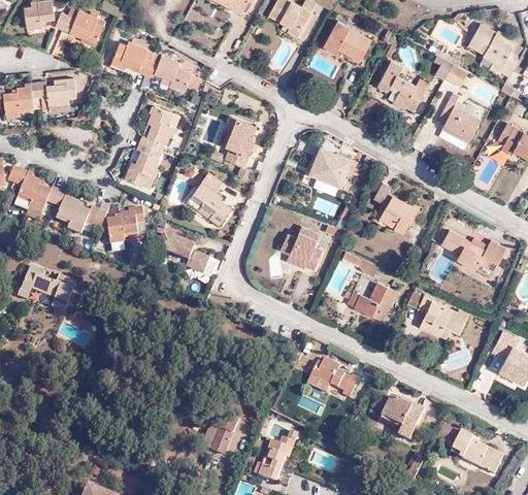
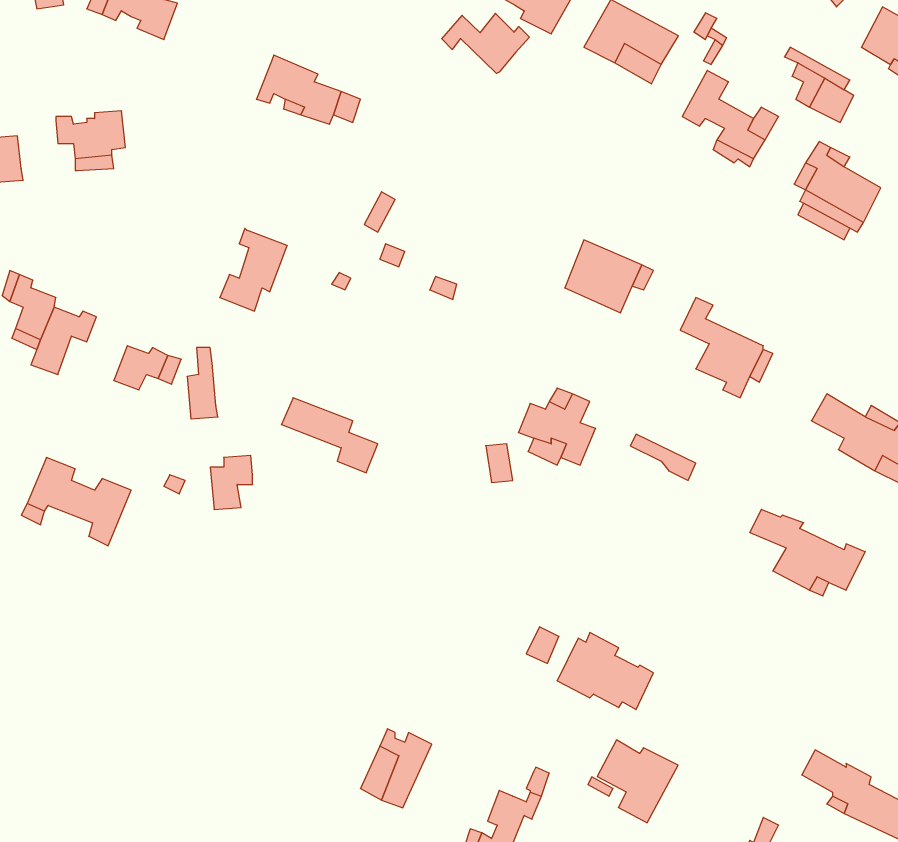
building: none -> [442,13,529,73]
building: [110,38,151,73] -> none
building: [16,85,39,110] -> none
building: [139,105,171,152] -> none
building: [225,113,257,167] -> none
building: [187,173,230,224] -> none
building: [54,190,77,224] -> none
building: [121,208,143,237] -> [210,455,253,509]
building: [346,283,398,320] -> none
building: [382,398,425,442] -> [597,740,678,823]

